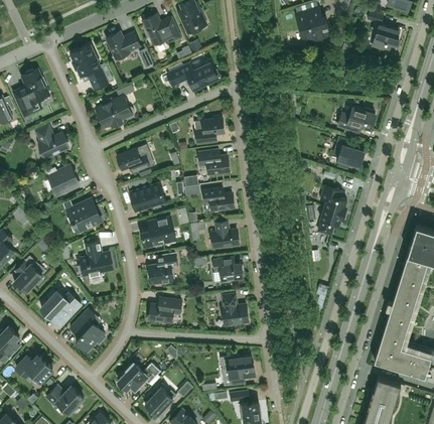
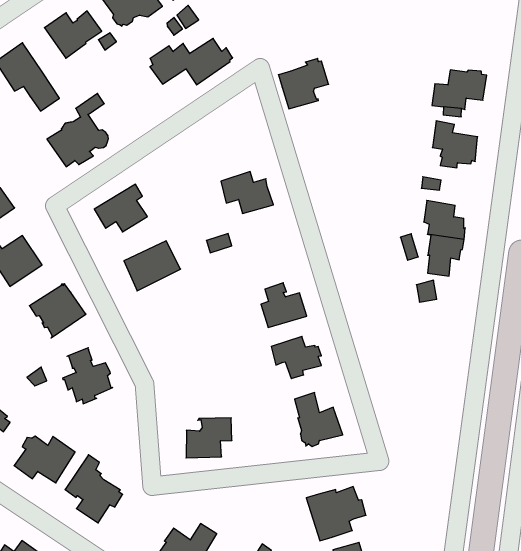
building: [194,116,225,144] -> [278,58,329,109]
building: [203,188,234,213] -> none
building: [142,218,173,247] -> none
building: [147,254,177,284] -> none

